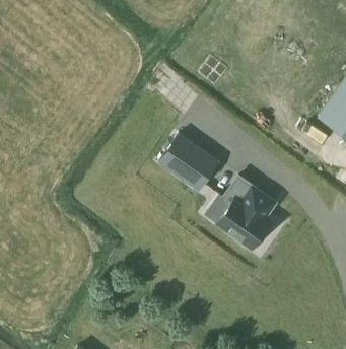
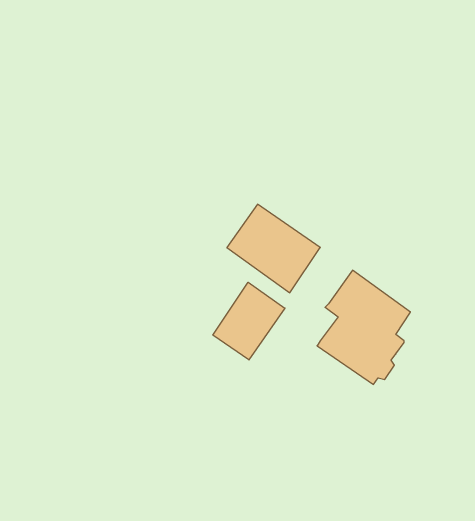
building: none -> [213,282,285,360]

